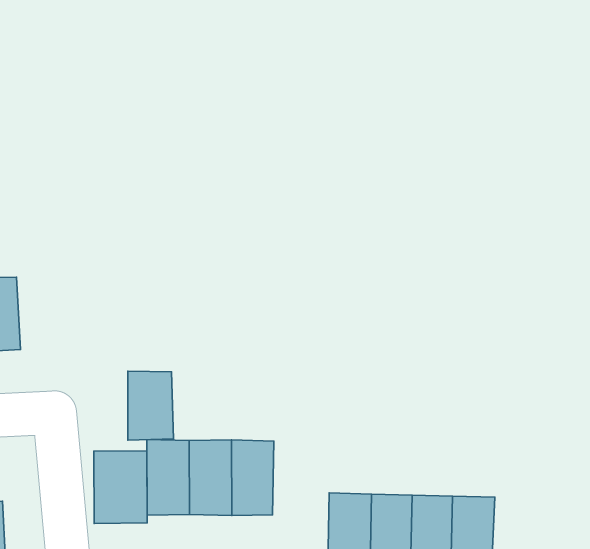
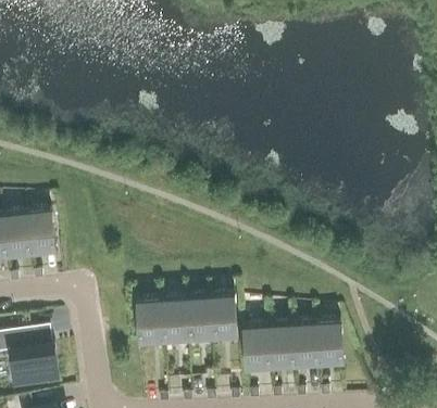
building: [128,371,174,440] -> none
building: none -> [211,295,239,341]
building: [94,451,147,523] -> none

